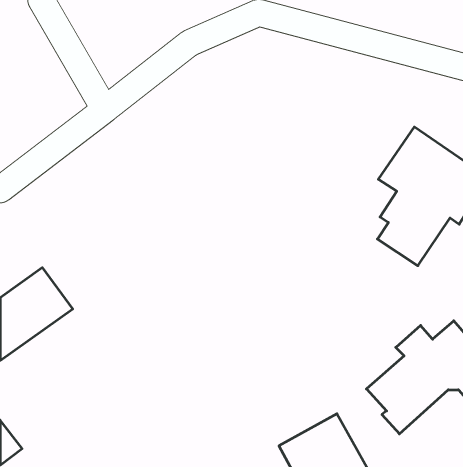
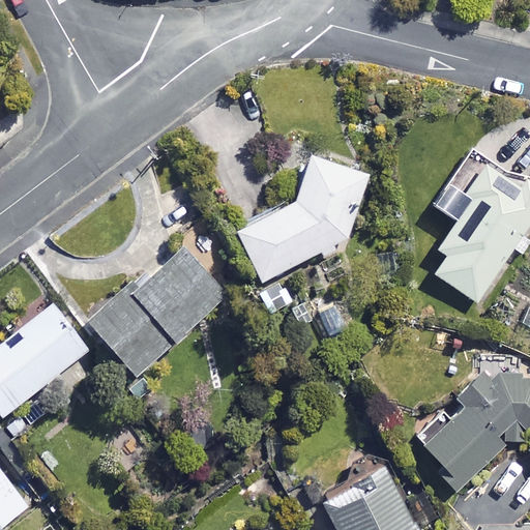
building: none -> [235,154,371,278]
building: none -> [90,244,226,375]

